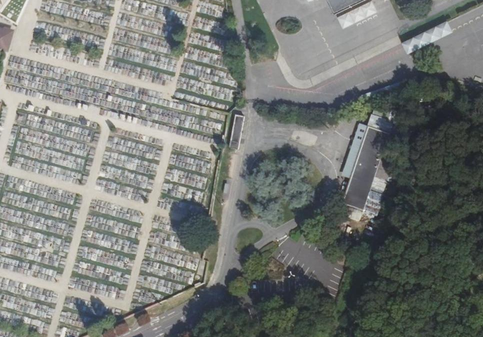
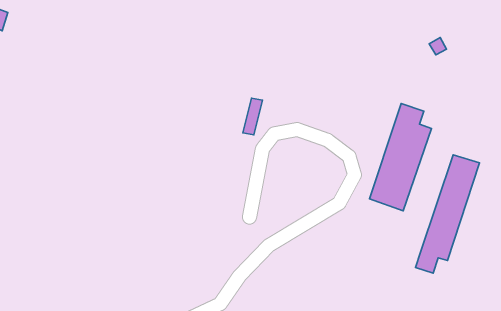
building: none -> [415,155,480,273]

